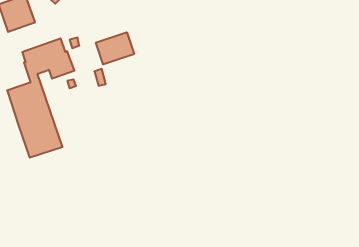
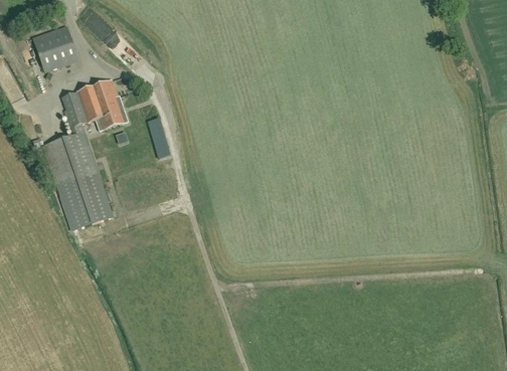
building: [96,32,134,64] -> none

